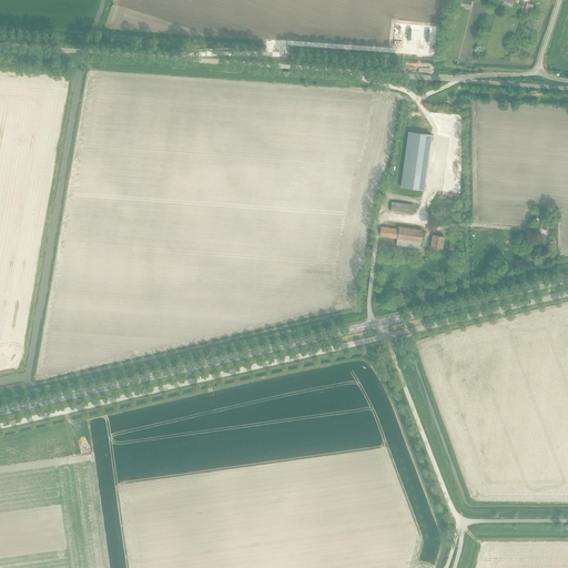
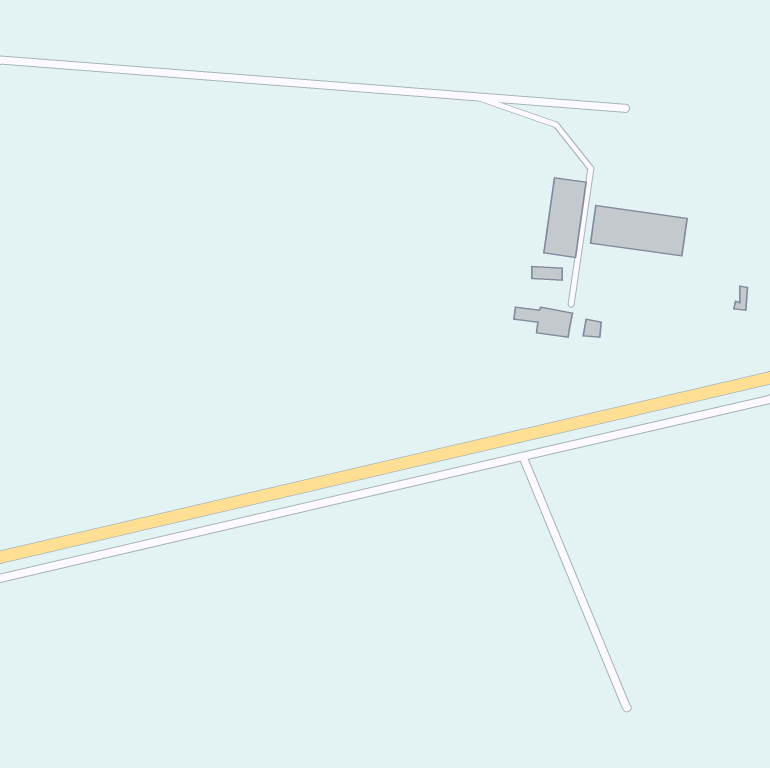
building: none -> [591,206,687,256]

